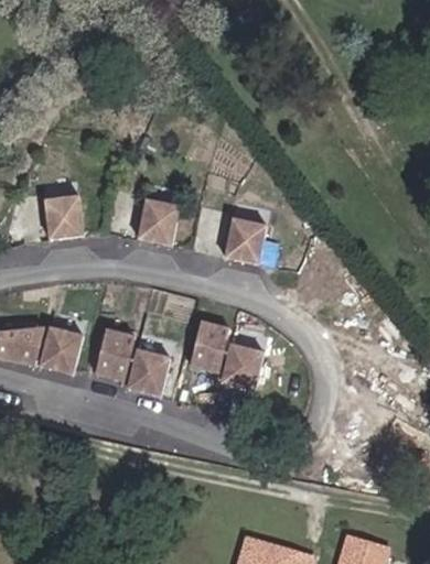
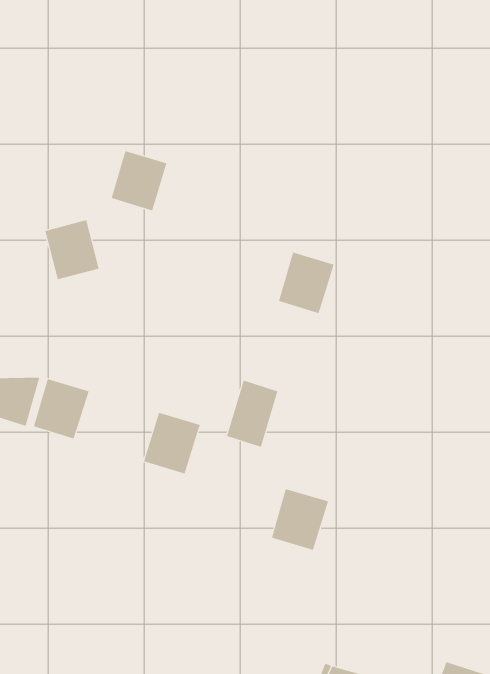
building: [140,196,184,243] -> [111,150,167,211]
building: [89,325,131,378] -> none
building: [216,347,261,395] -> [271,489,329,550]

